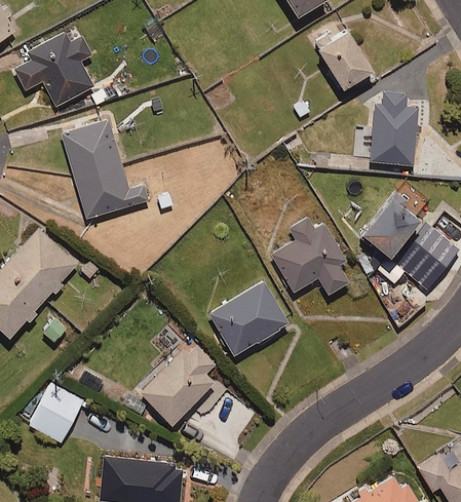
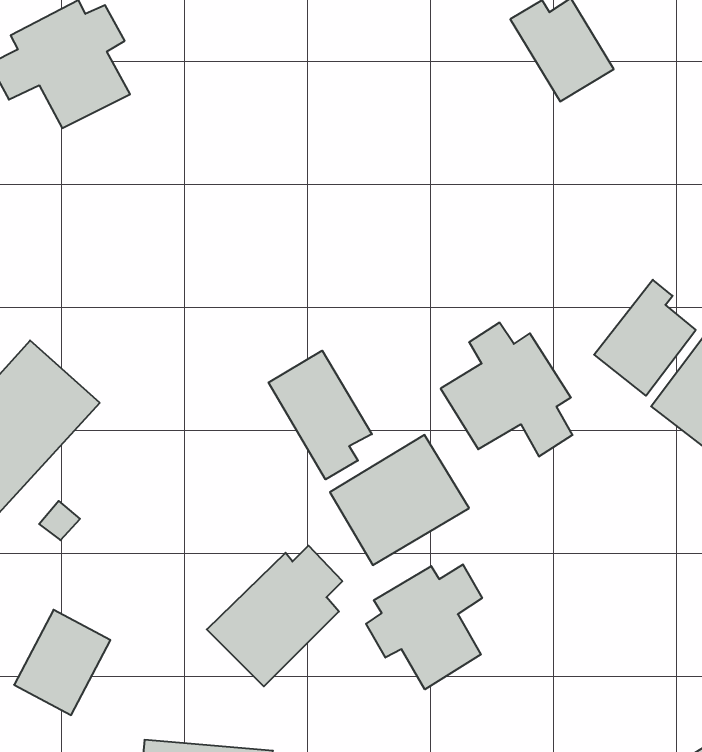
building: [372,90,418,162] -> none
building: [61,119,150,220] -> none
building: none -> [269,351,372,479]
building: none -> [366,564,482,689]

